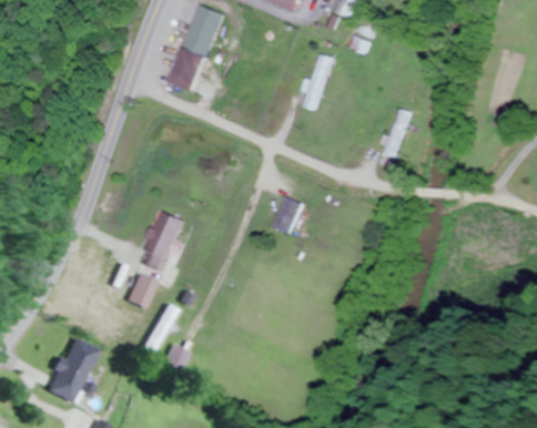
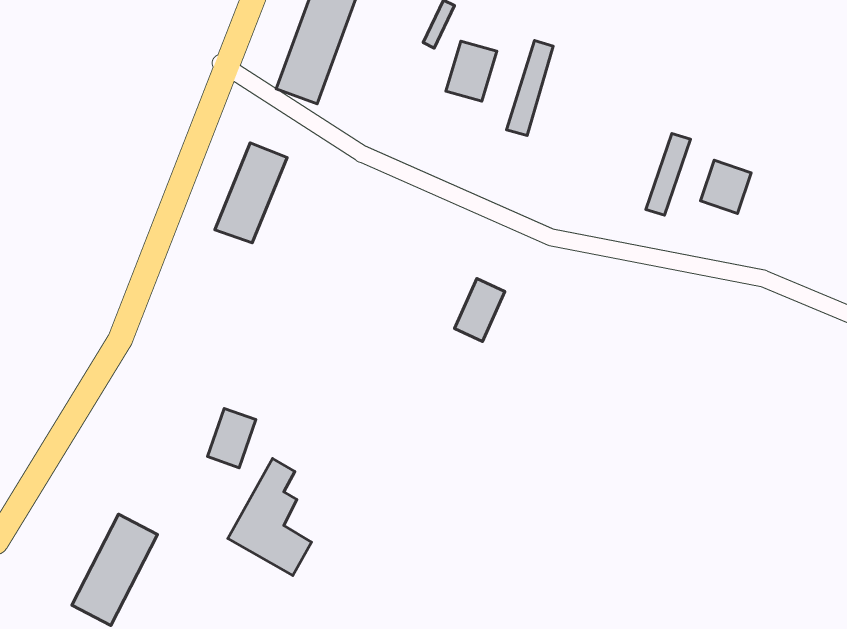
building: none -> [446,41,497,101]
building: none -> [701,160,751,213]
building: [139,212,182,272] -> [215,143,287,243]

